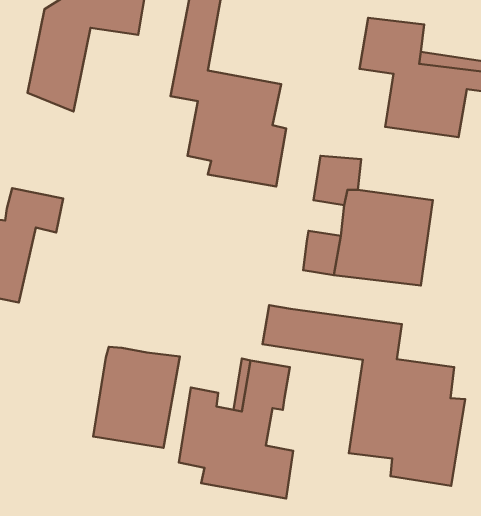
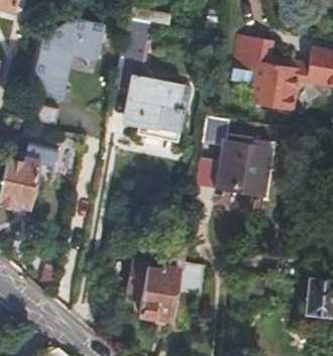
building: [263,305,465,486] -> none
building: [93,347,180,448] -> none

